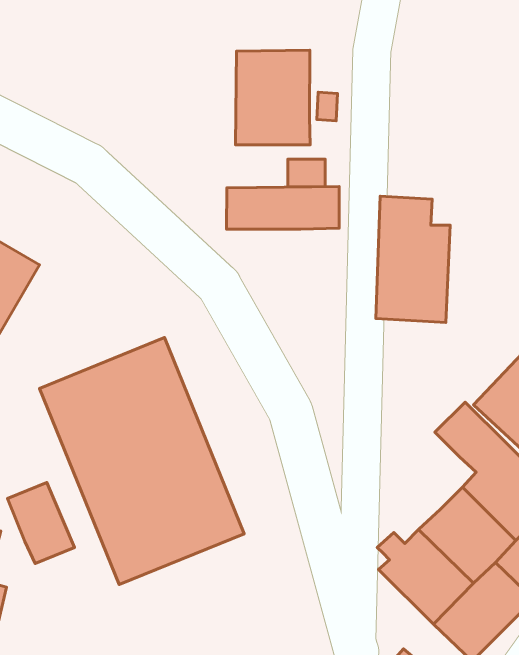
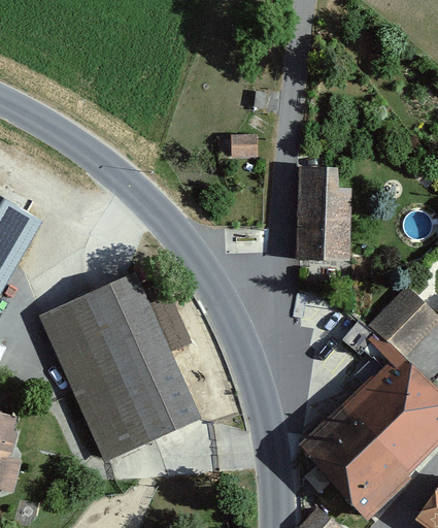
building: [236,50,310,145] -> none
building: [227,187,339,229] -> none
building: [7,483,74,563] -> none

